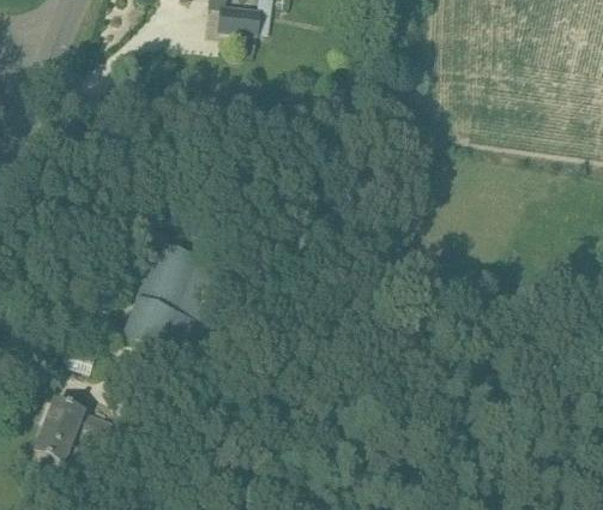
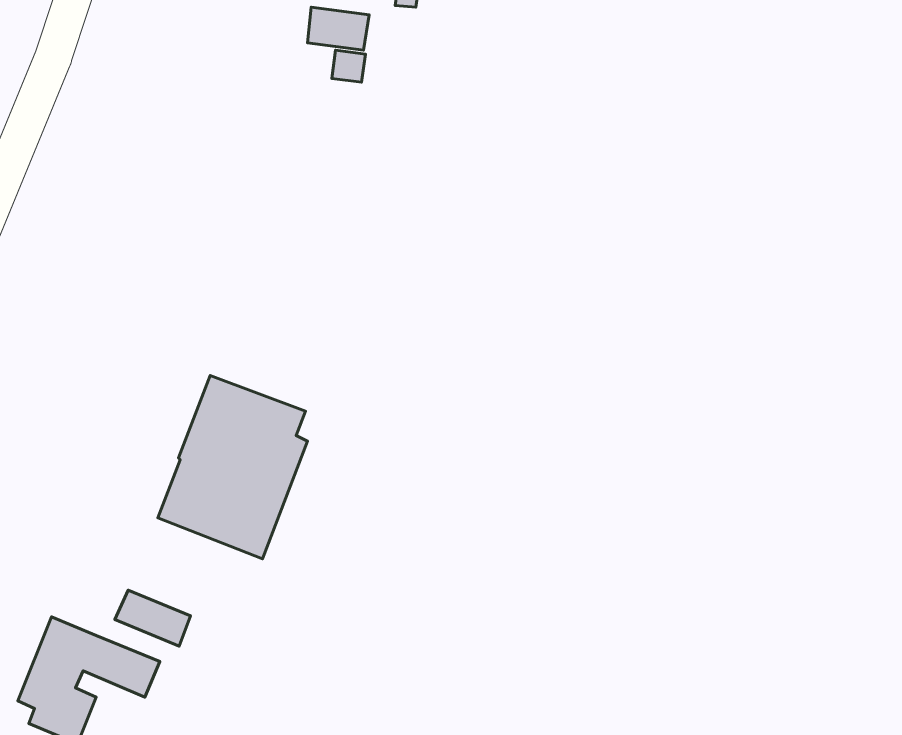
building: none -> [115,590,190,646]

